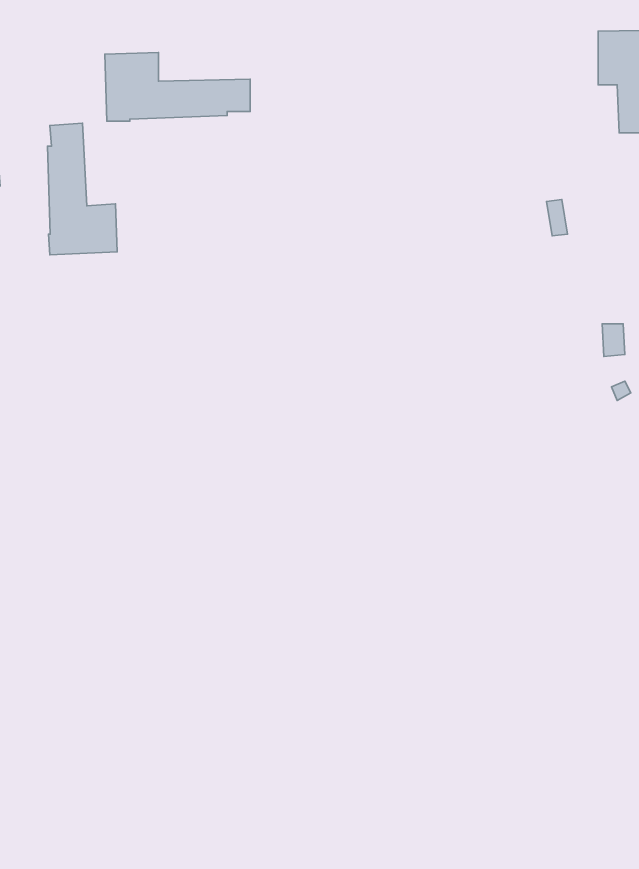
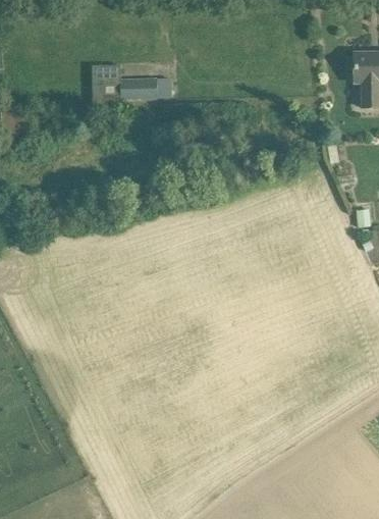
building: [48,123,117,255] -> none

